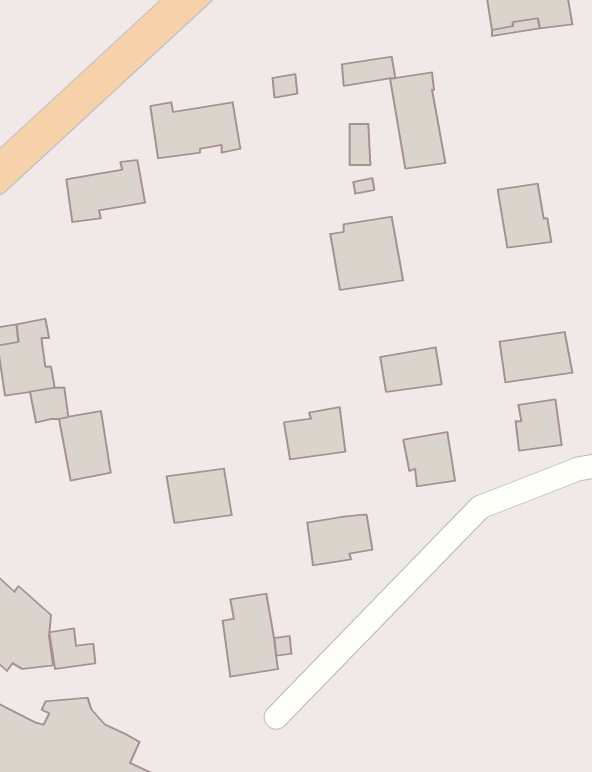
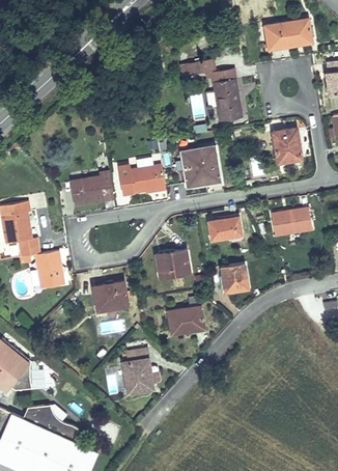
building: [150,102,241,158] -> [117,165,166,195]
building: [66,160,145,222] -> [71,171,113,204]
building: [516,399,562,451] -> none

